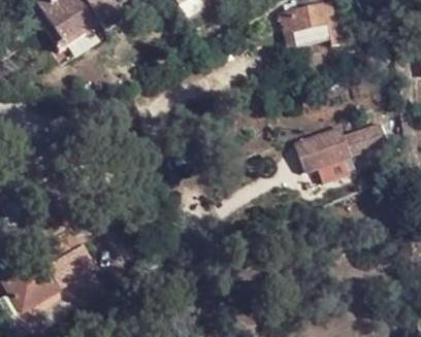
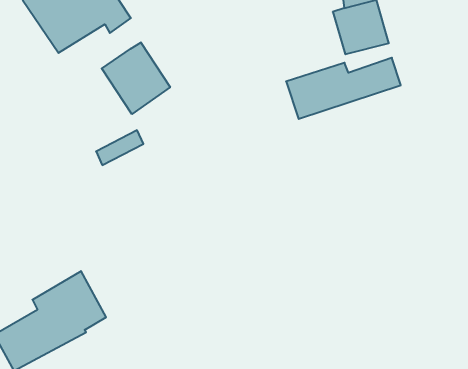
building: none -> [102,42,170,114]
building: [290,122,385,172] -> [286,58,401,119]

